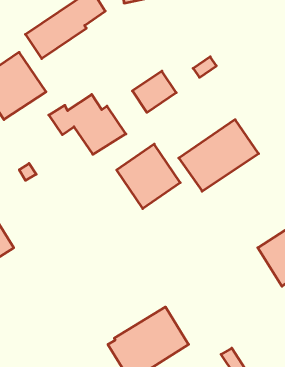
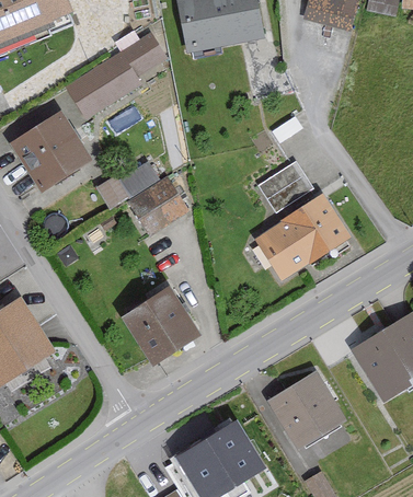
building: [132,71,176,112] -> [260,161,313,211]
building: [117,144,180,209] -> [121,286,198,365]
building: none -> [268,371,344,447]

